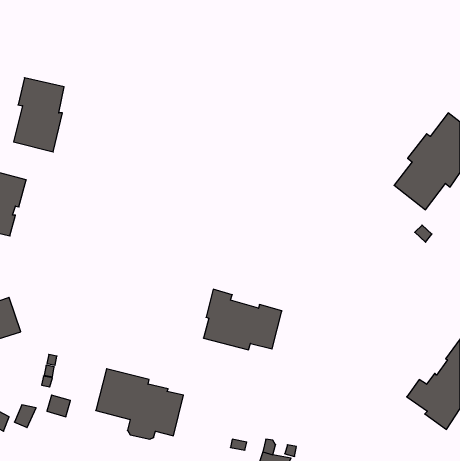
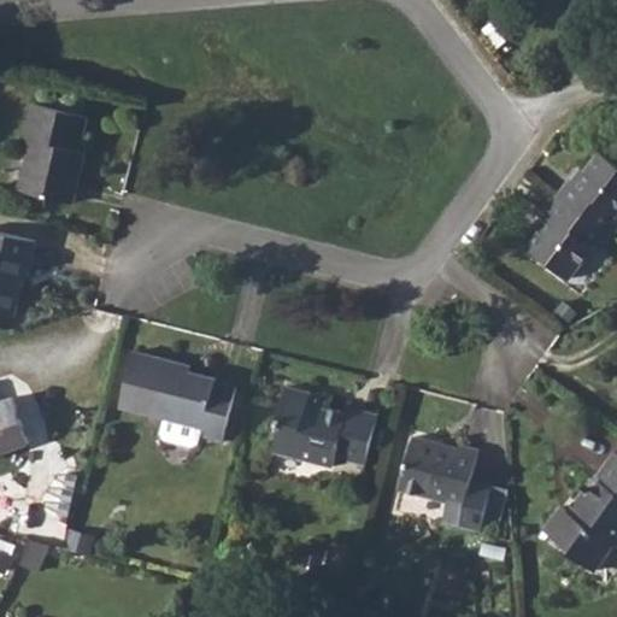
building: none -> [399,437,506,533]
building: [96,369,183,439] -> [118,352,235,446]

